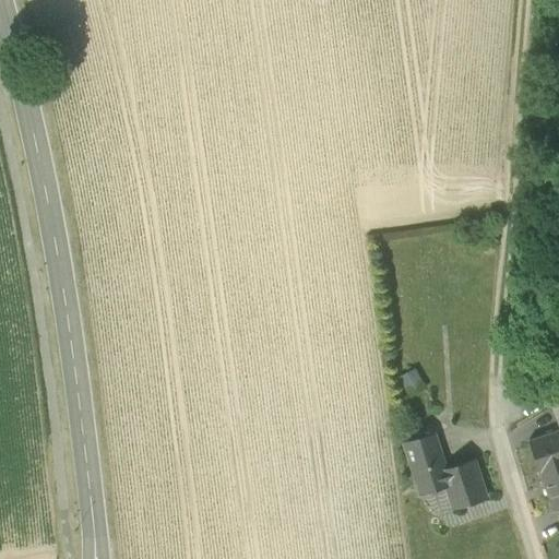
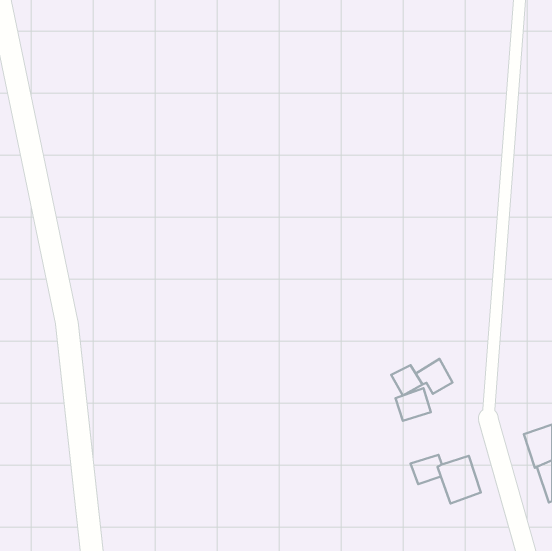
building: none -> [416,359,452,394]
building: [407,437,443,469] -> [395,388,431,421]

